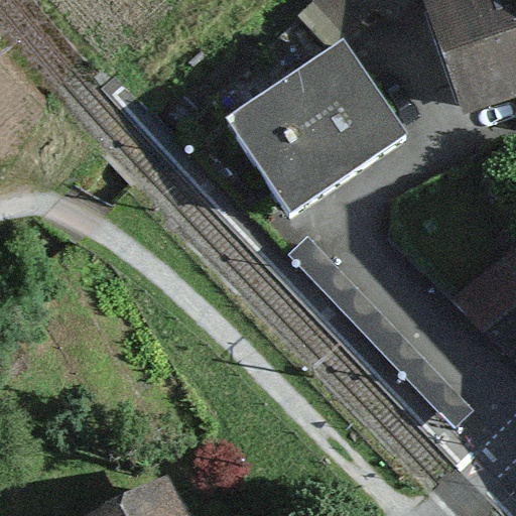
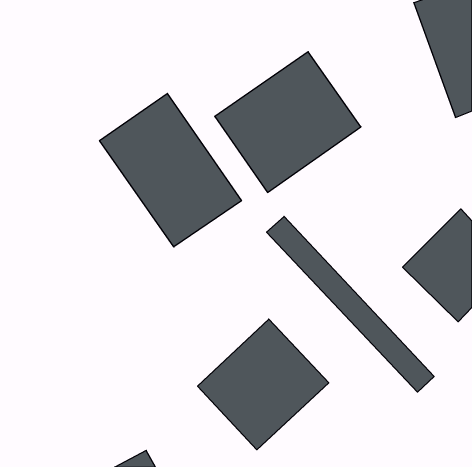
building: none -> [100,93,241,247]
building: none -> [198,319,329,450]

